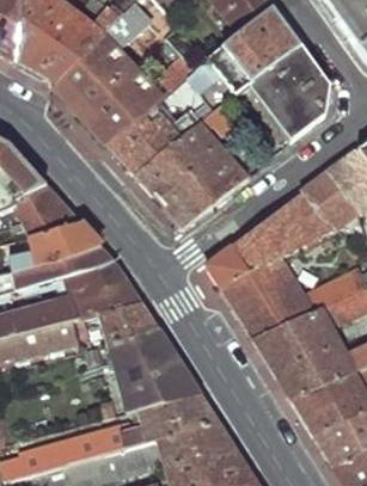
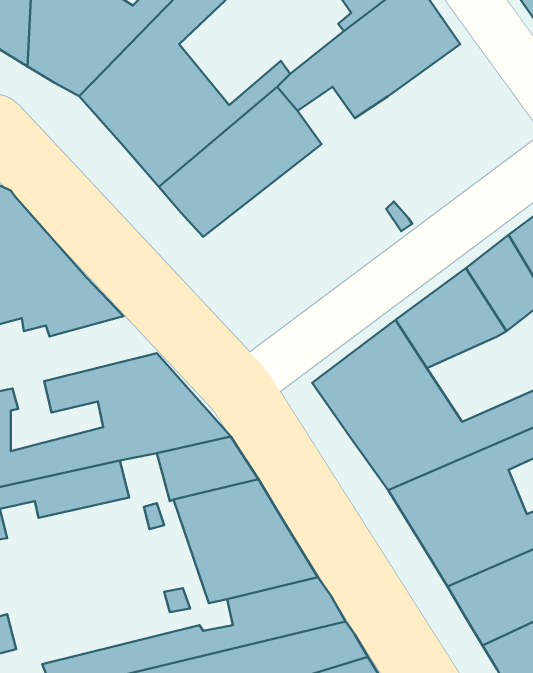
building: [252,48,329,140] -> none
building: [133,104,246,227] -> none
building: [16,223,103,267] -> none

